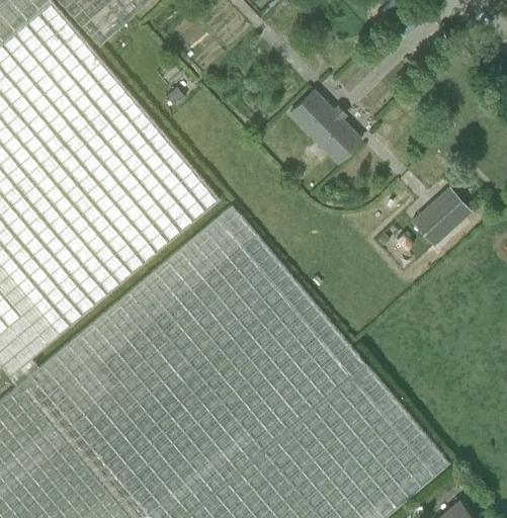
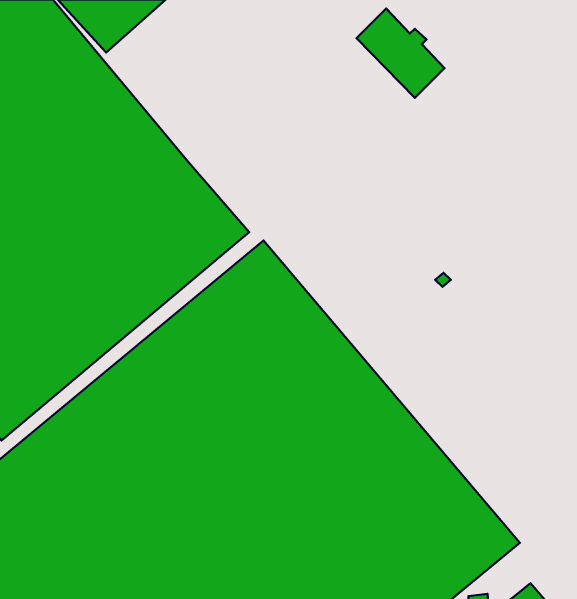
building: [287,88,362,164] -> [356,9,445,98]
building: [411,186,472,246] -> none

